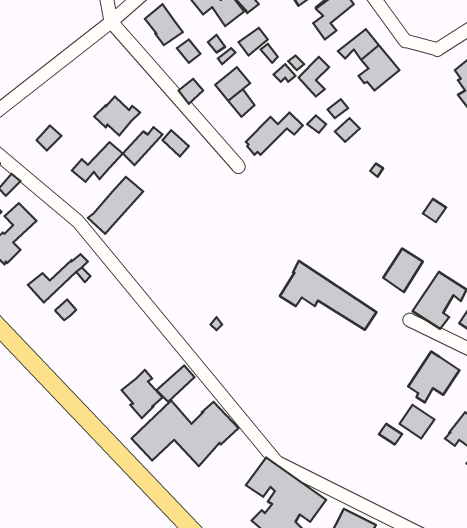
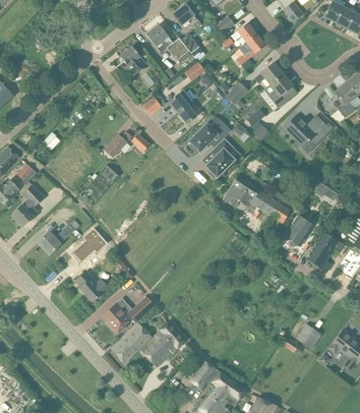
building: [94,96,140,135] -> none
building: none -> [283,114,333,146]
building: none -> [205,138,234,178]
building: [72,142,123,182] -> none
building: [280,261,376,330] -> [223,175,290,223]
building: none -> [73,228,107,261]
building: none -> [74,271,107,302]
building: [408,352,459,402] -> none

